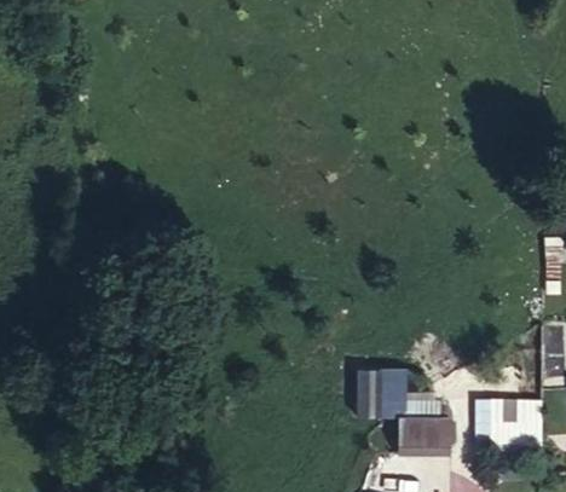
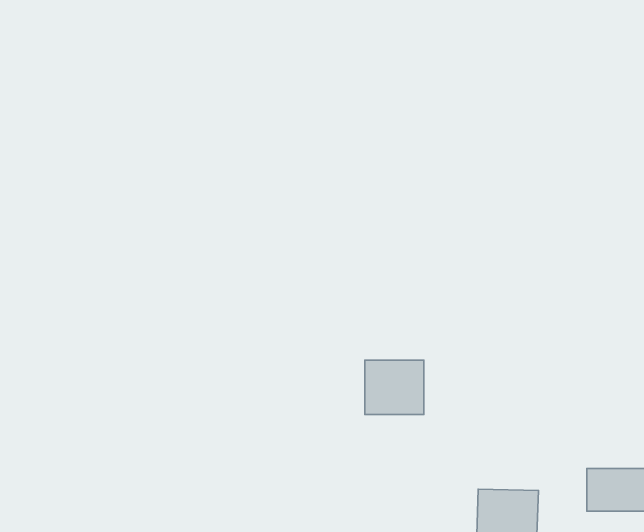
building: [358,371,406,416] -> [365,360,424,415]

